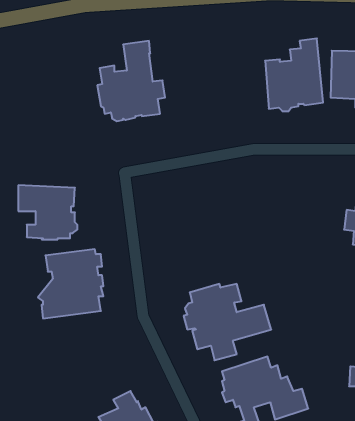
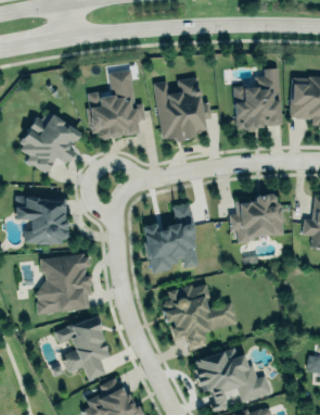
building: none -> [154,77,212,142]
building: none -> [20,112,81,173]
building: none -> [230,193,284,243]
building: none -> [143,203,199,273]
building: none -> [55,316,111,381]

